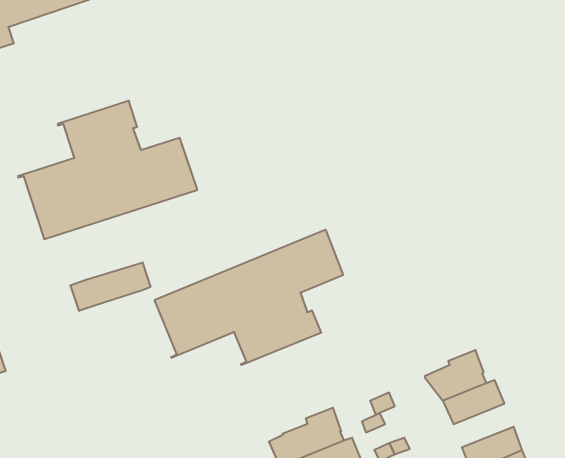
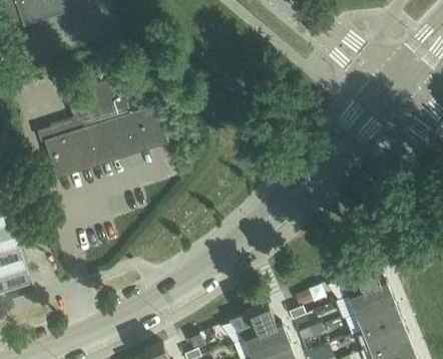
building: [155,230,343,365] -> none
building: [70,262,150,311] -> none
building: none -> [356,300,400,332]

